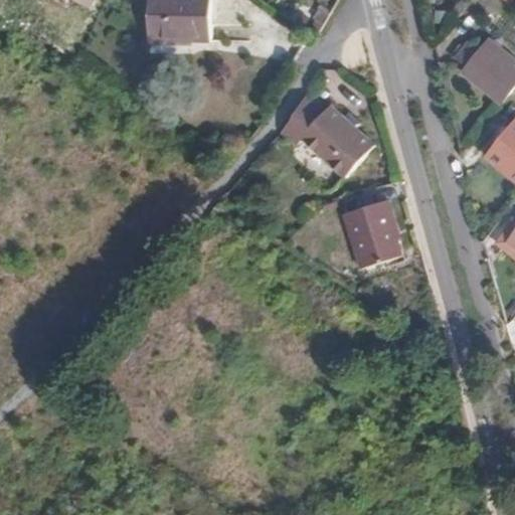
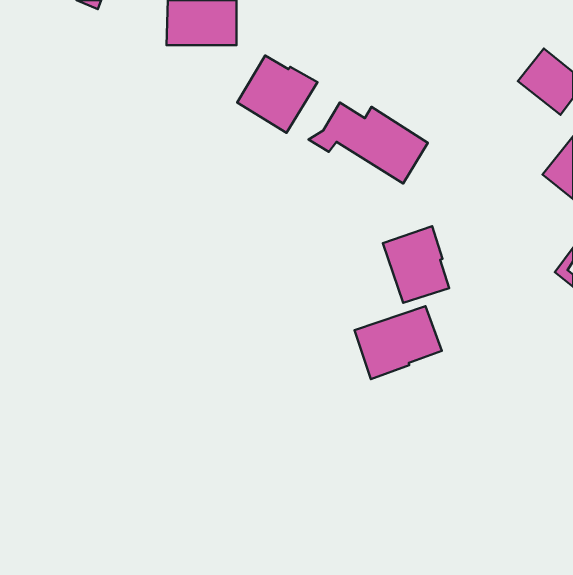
building: none -> [237,55,317,133]
building: none -> [354,306,442,379]

